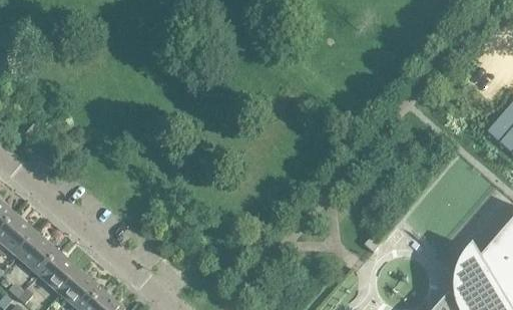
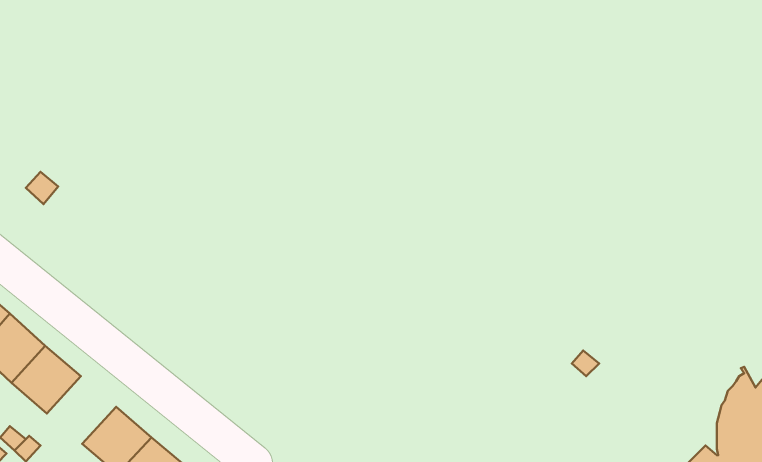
building: [37,252,80,294] -> none

